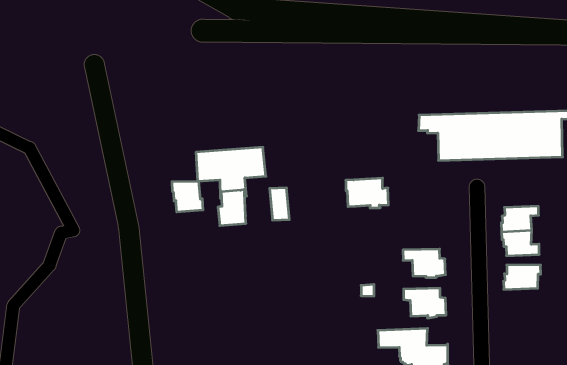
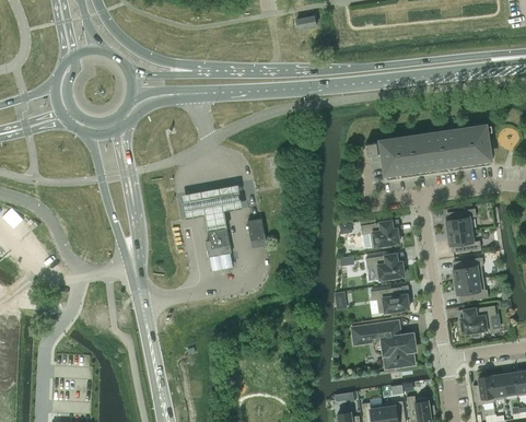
building: [346,178,388,208] -> [360,220,398,247]
building: [172,181,203,212] -> none
building: none -> [454,277,488,301]
building: none -> [460,305,495,337]

